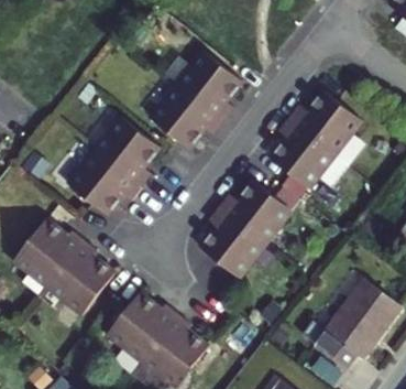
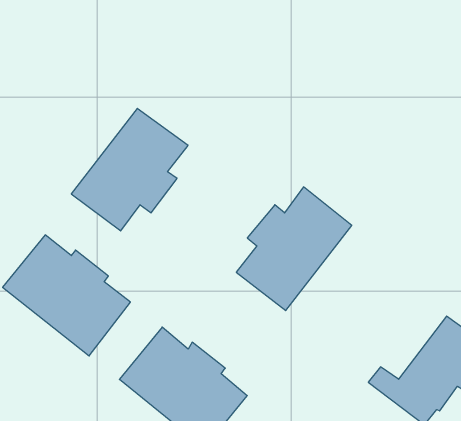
building: [149,50,242,148] -> none
building: [268,89,361,187] -> none

